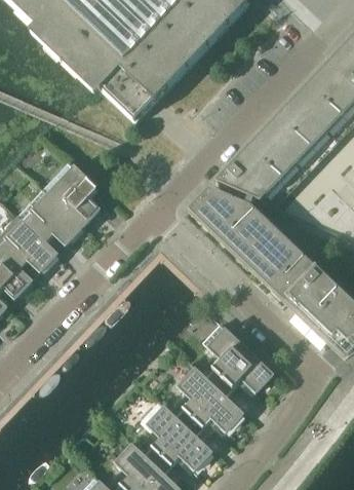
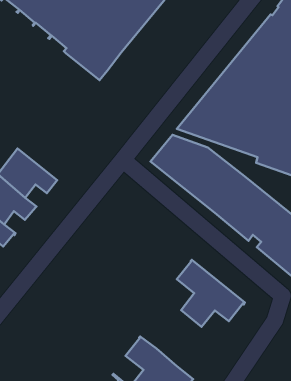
building: [44,161,100,226] -> none
building: [176,362,245,436] -> none

